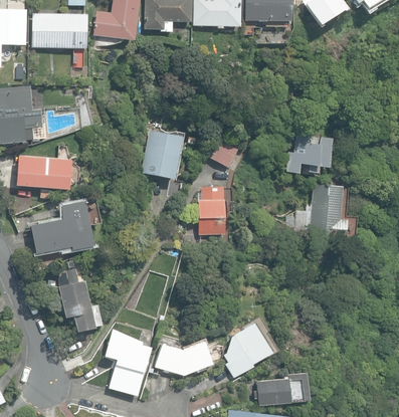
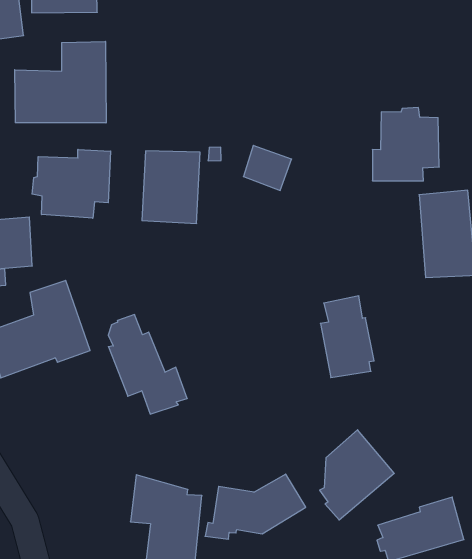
building: none -> [15,41,106,123]
building: none -> [32,149,111,218]
building: [198,186,227,233] -> [320,296,374,378]
building: [58,267,102,330] -> [108,315,187,414]

